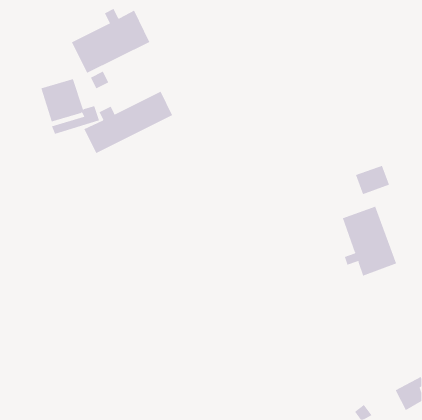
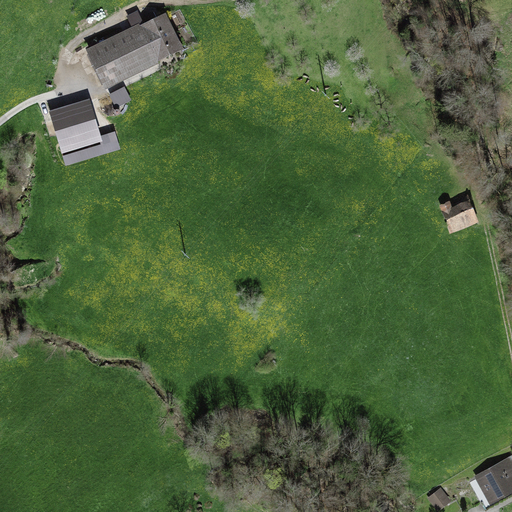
building: [83,91,173,154] -> none
building: [342,206,397,276] -> none

